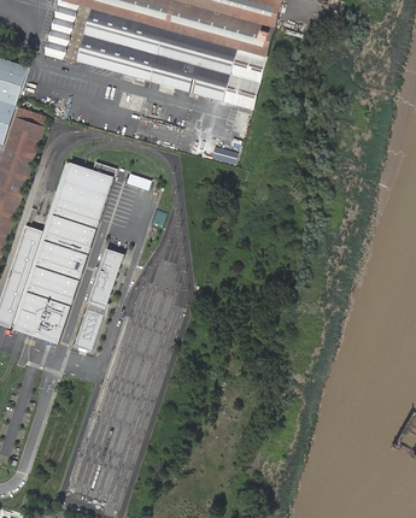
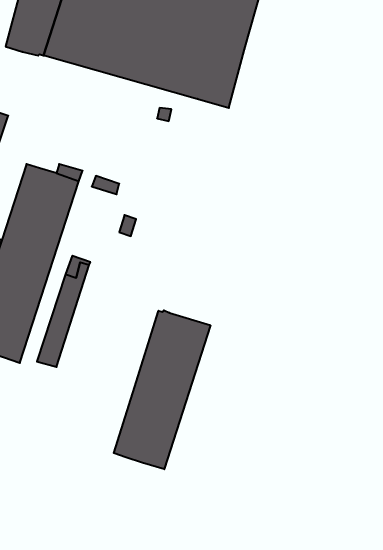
building: none -> [114,310,210,469]

